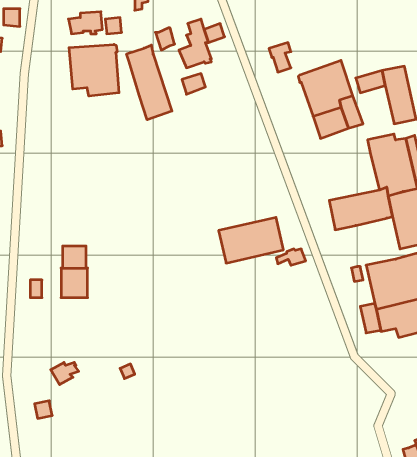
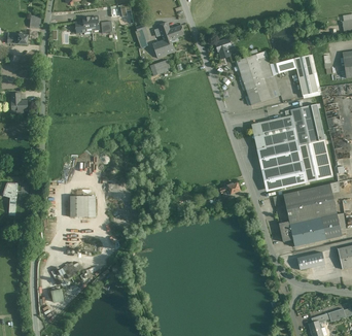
building: [69,44,119,96] -> none
building: [127,45,172,120] -> none
building: none -> [251,116,292,148]
building: [219,217,283,263] -> [261,160,307,192]

